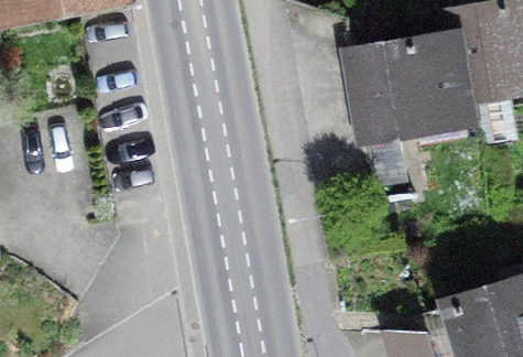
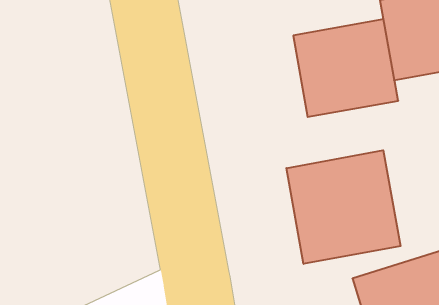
building: none -> [286,150,401,264]

